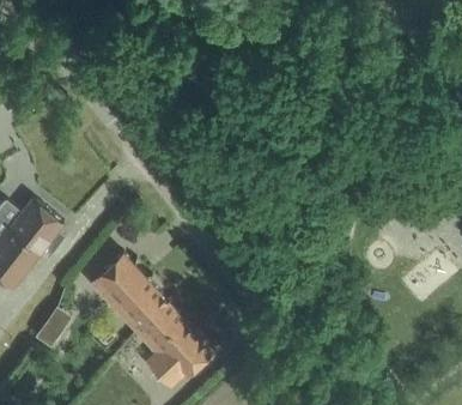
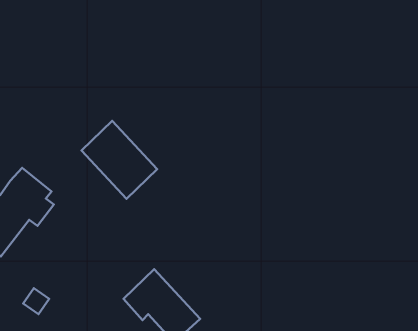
building: [90,254,166,333] -> [82,121,157,199]

